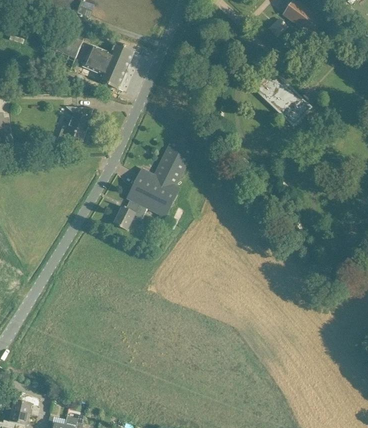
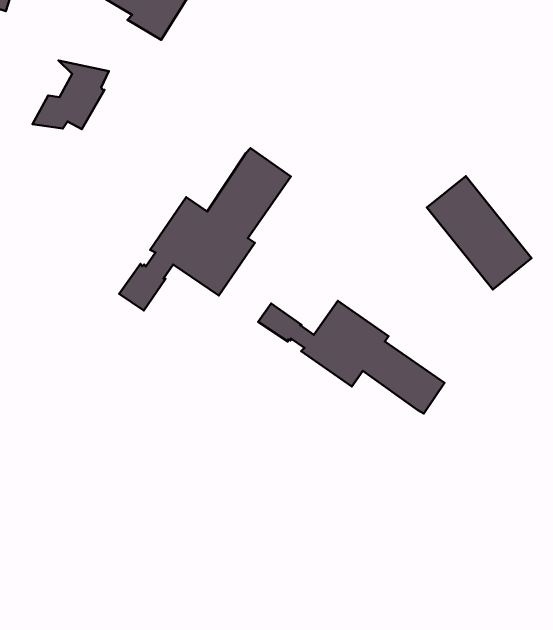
building: [253,70,311,127] -> [427,176,532,289]
building: none -> [258,301,444,414]

